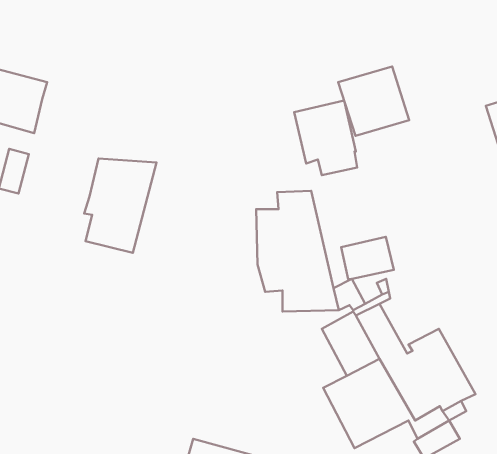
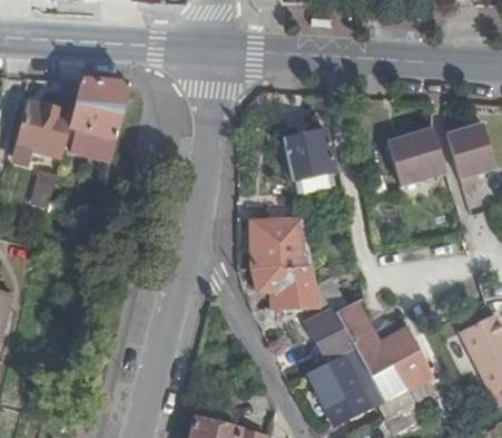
building: [338,66,409,136] -> [385,127,445,186]
building: [84,159,156,253] -> [68,80,129,160]
building: [341,237,394,279] -> none

